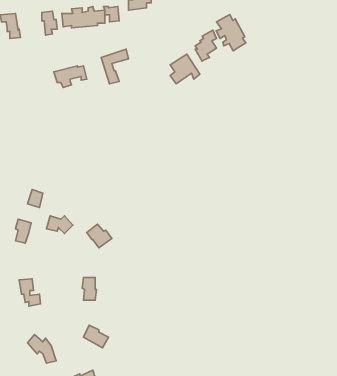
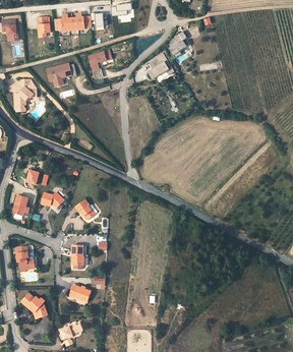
building: [216,15,246,51] -> none
building: none -> [13,79,37,112]

